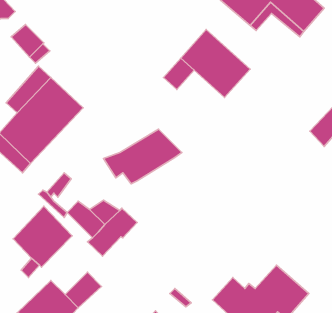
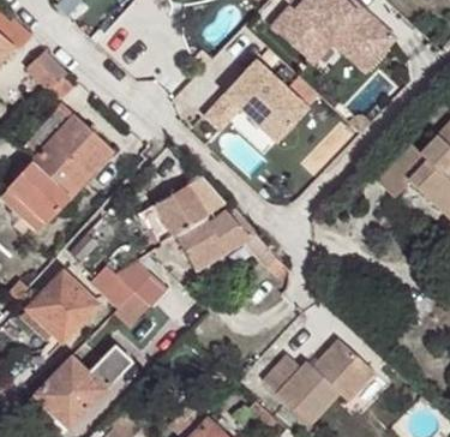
building: none -> [174,212,276,271]

